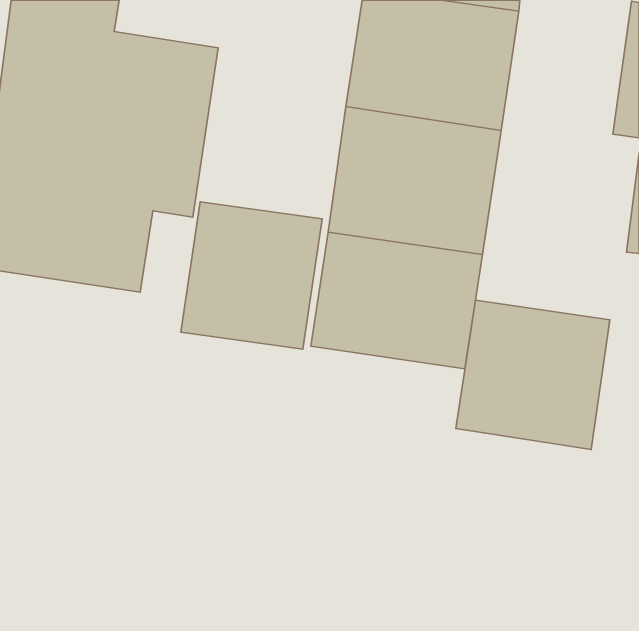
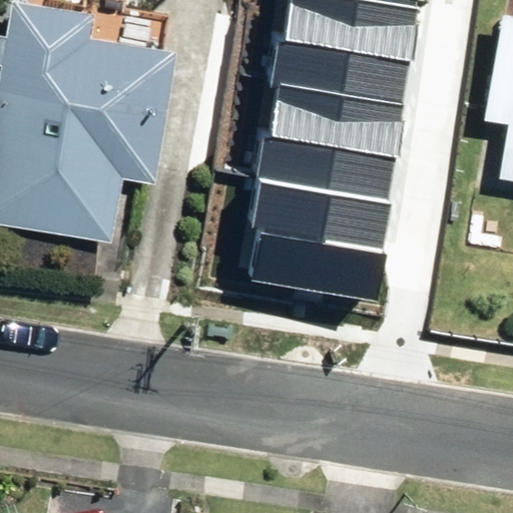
building: [181,202,322,349] -> none
building: [456,300,610,449] -> none

